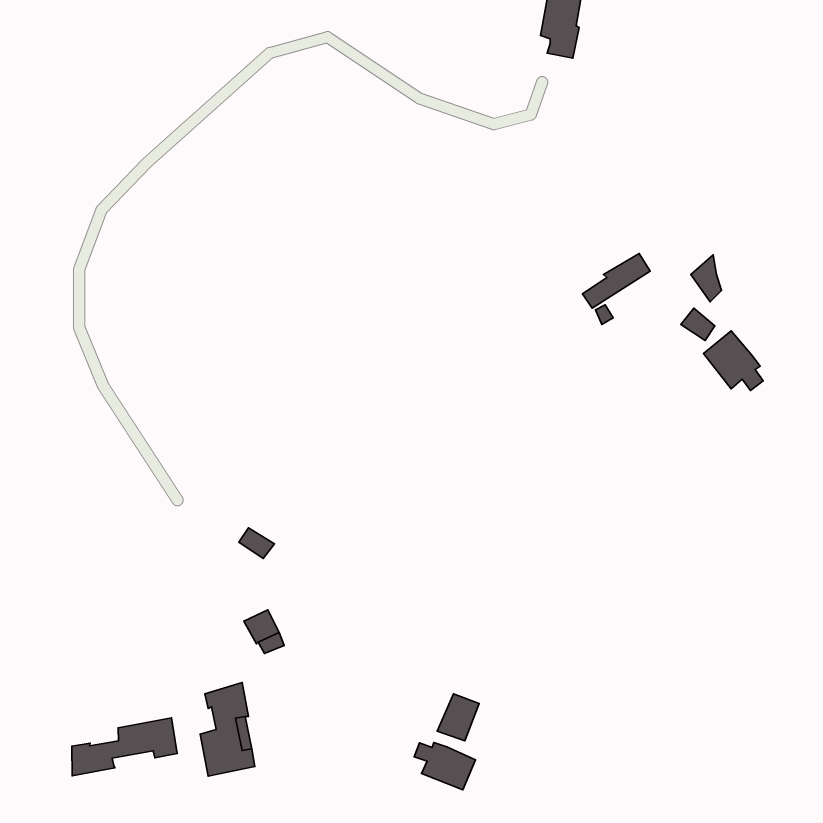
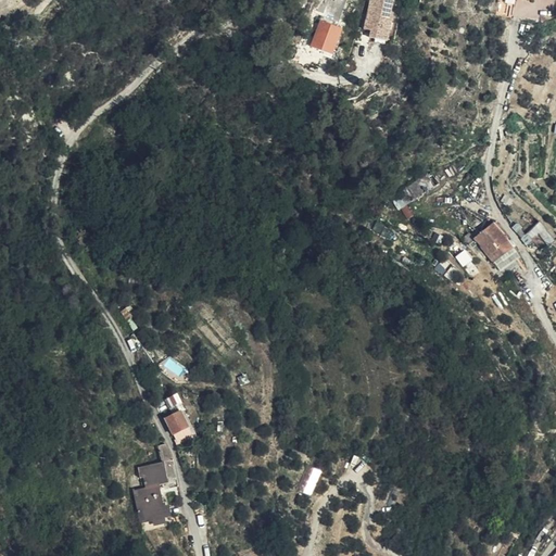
building: none -> [311,21,340,58]
building: [72,718,177,776] -> none
building: [414,742,476,790] -> none

